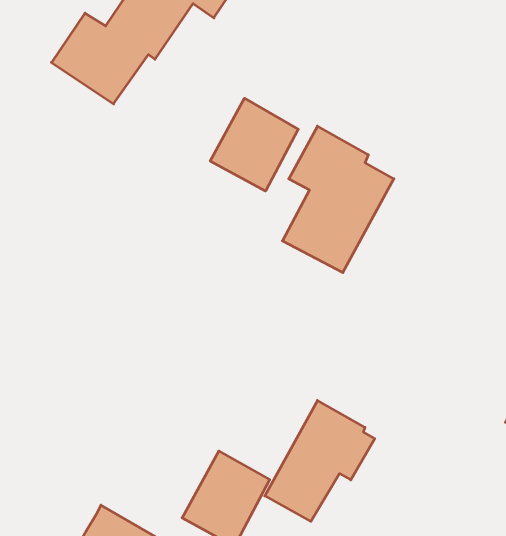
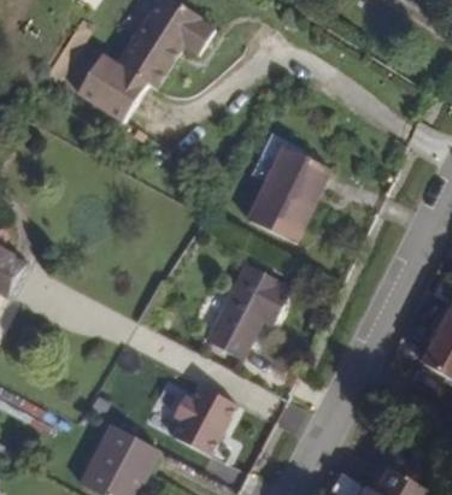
building: [210,98,298,191] -> none
building: [265,400,375,521] -> [206,264,289,355]

